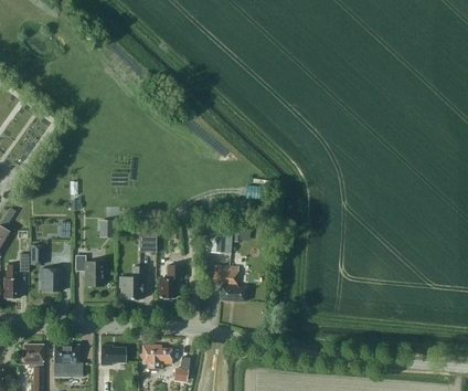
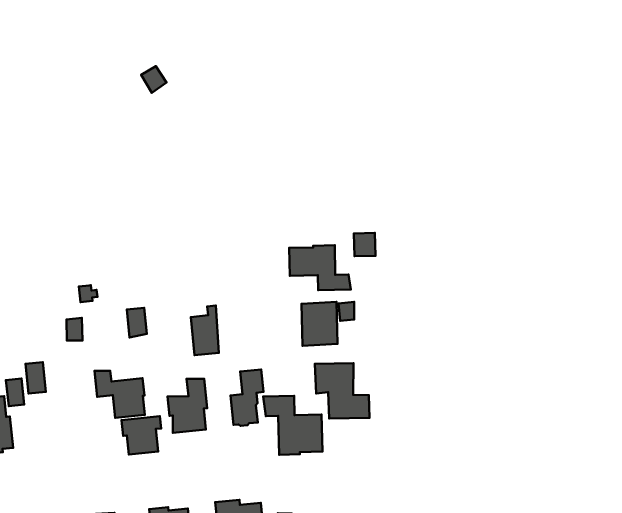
building: none -> [289,245,351,290]
building: [41,268,65,290] -> [122,416,161,455]
building: none -> [263,396,322,455]

